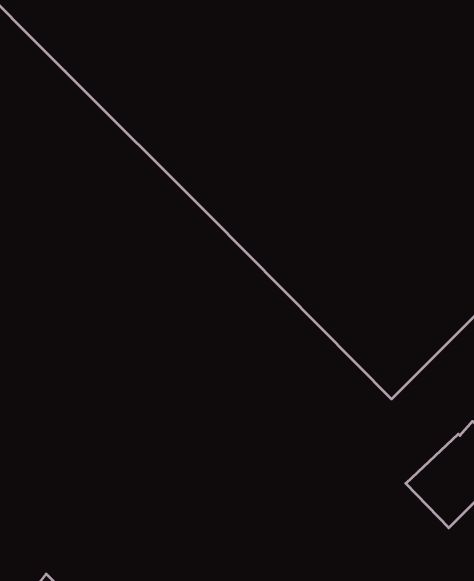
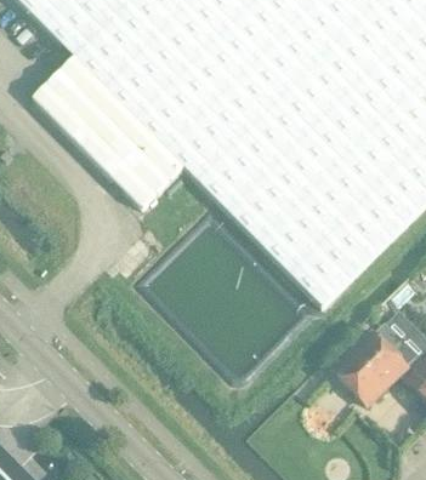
building: none -> [35,56,186,206]

